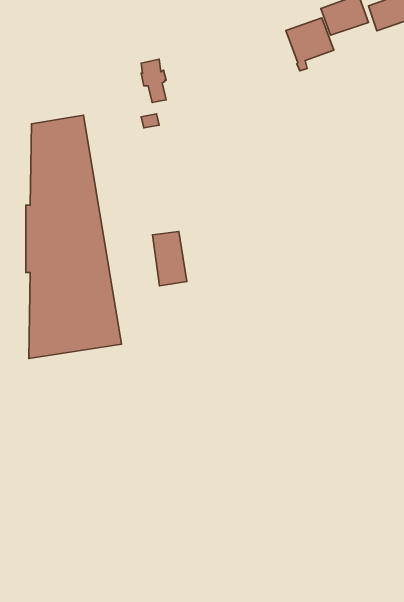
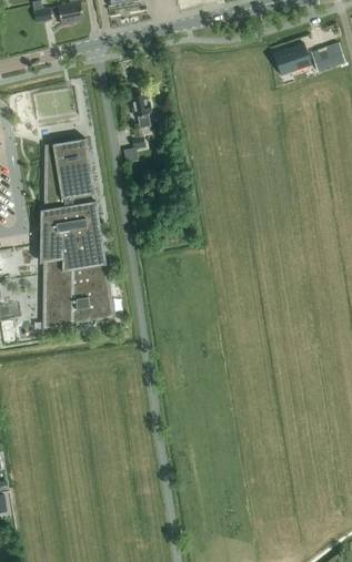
building: [286,18,334,71] -> none
building: [153,232,187,286] -> none

